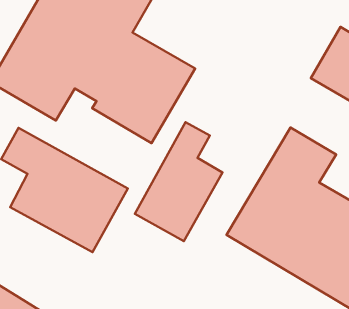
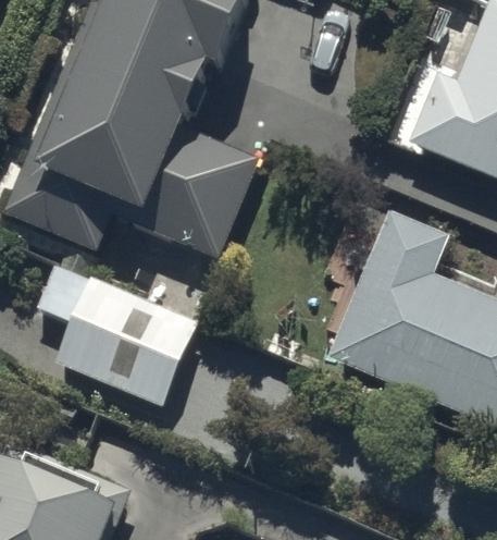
building: [135,122,222,241] -> none

